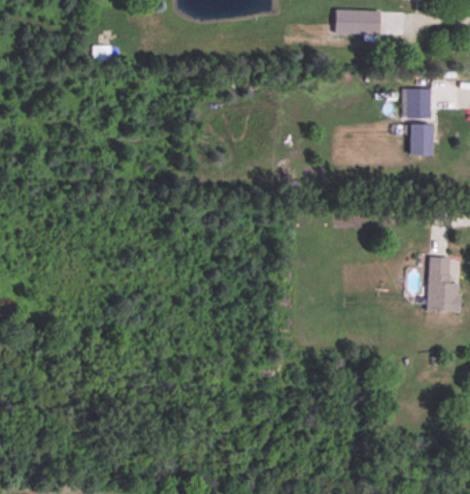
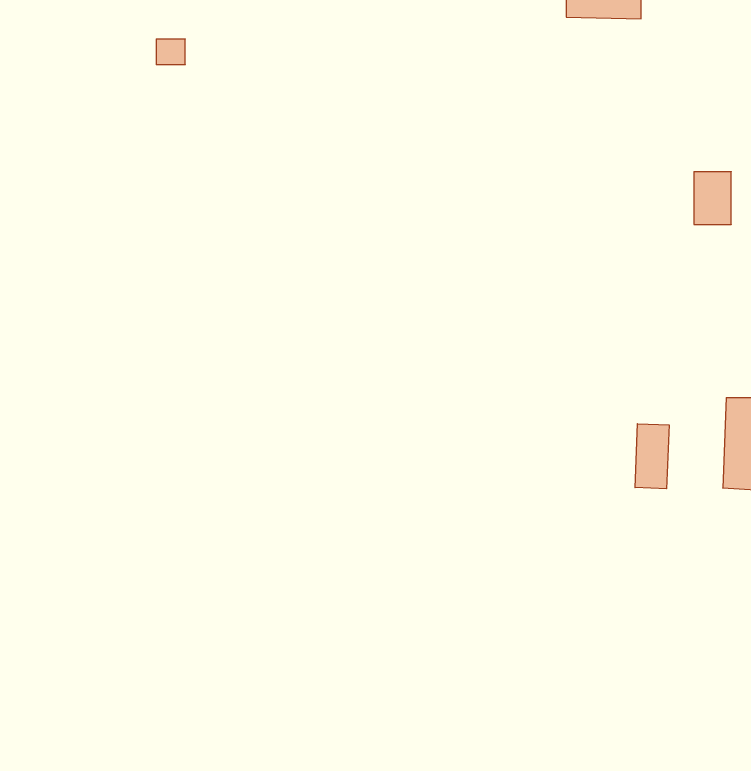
building: [403,88,431,118] -> none
building: none -> [635,424,669,489]

